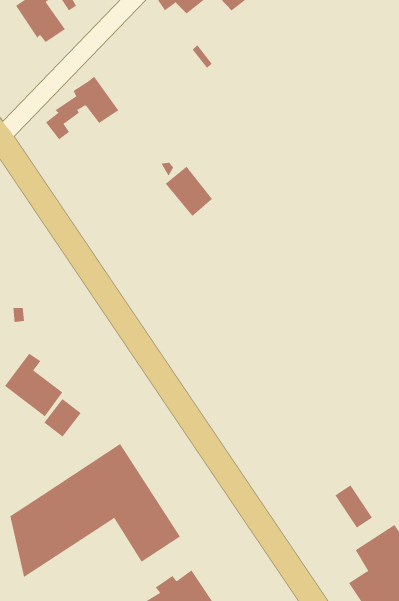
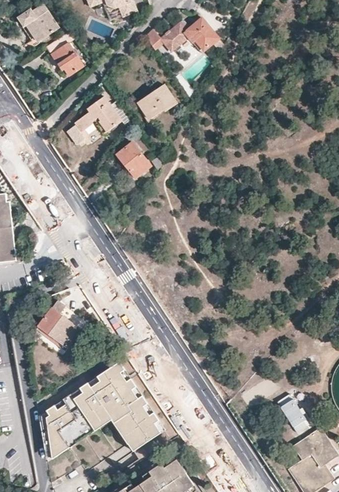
building: none -> [136,86,175,121]
building: [165,166,213,217] -> [114,142,149,179]
building: [44,398,82,438] -> none

